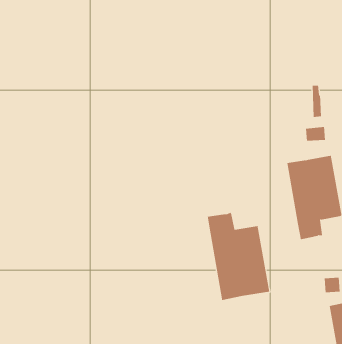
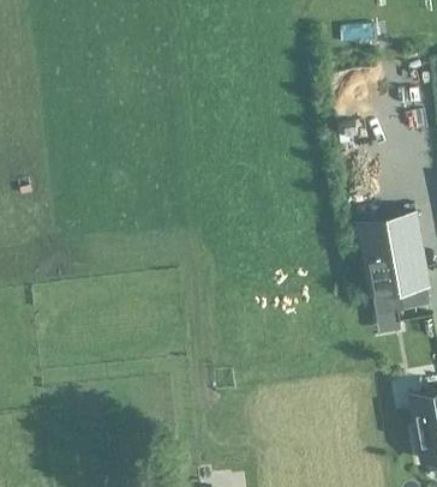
building: [207,212,270,301] -> none

